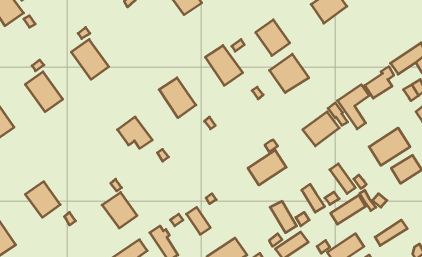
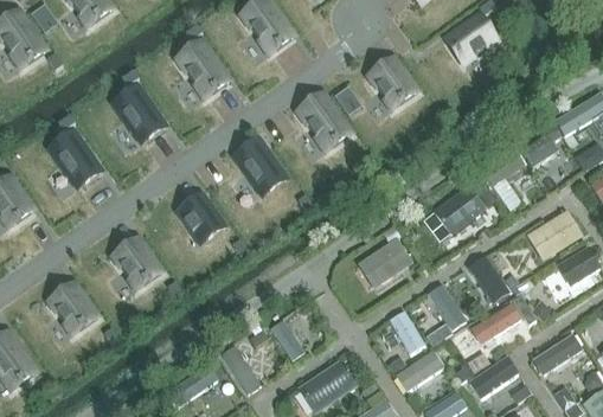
building: none -> [177,40,229,96]
building: [269,54,309,93] -> none
building: [102,192,137,228] -> [113,238,161,288]

